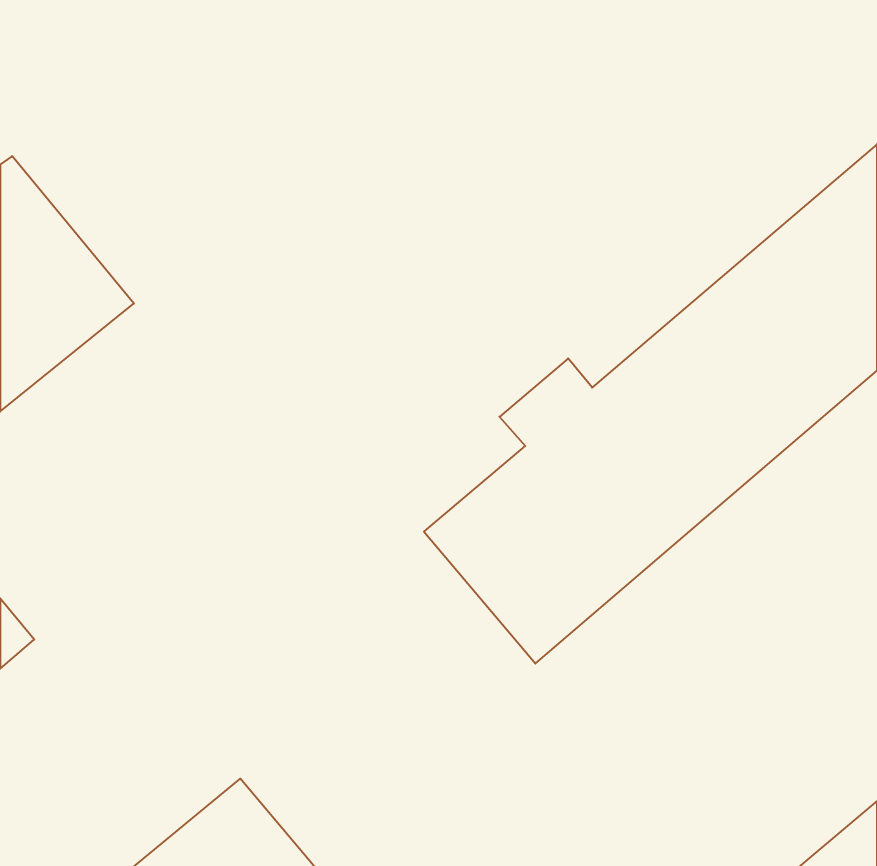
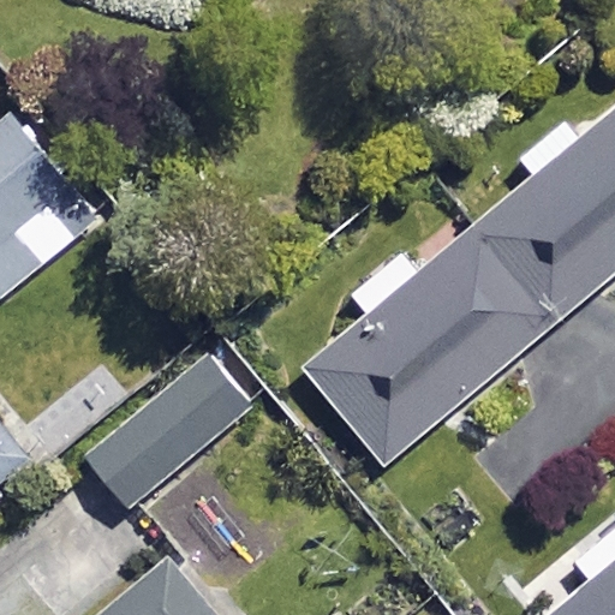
building: none -> [88,351,256,508]

